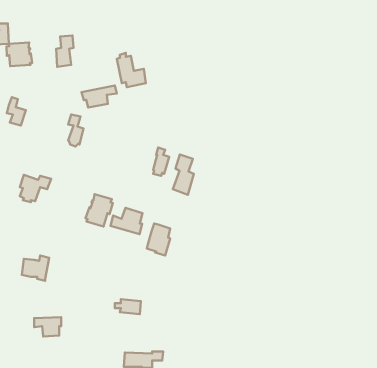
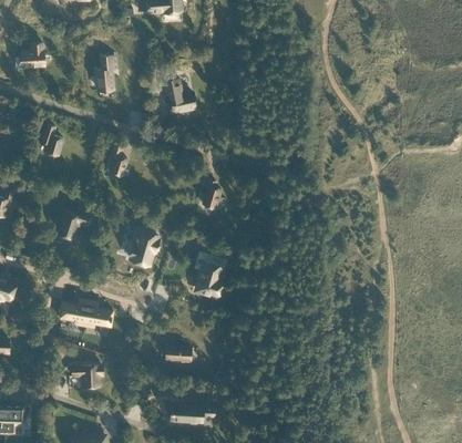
building: [7,43,32,66] -> none
building: [82,85,117,108] -> none
building: [173,155,194,195] -> none
building: [111,208,142,234] -> none
building: none -> [84,300,112,328]

